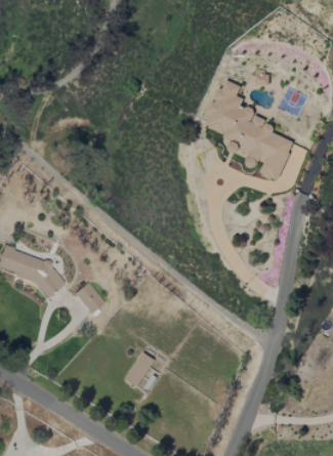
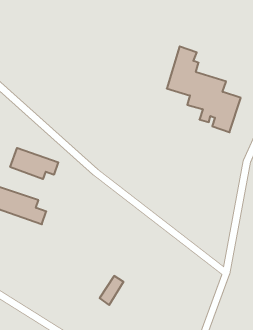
building: none -> [10,148,58,179]
building: [74,281,105,313] -> none

